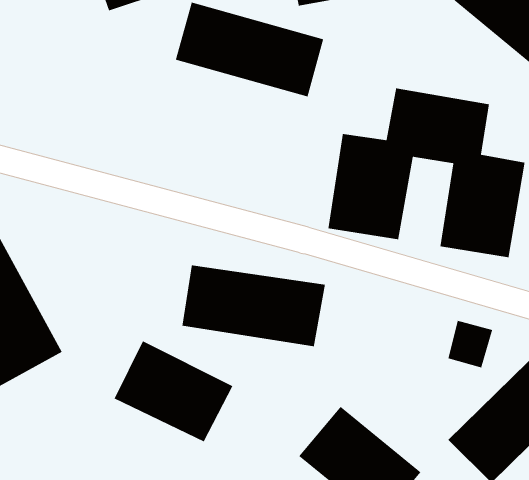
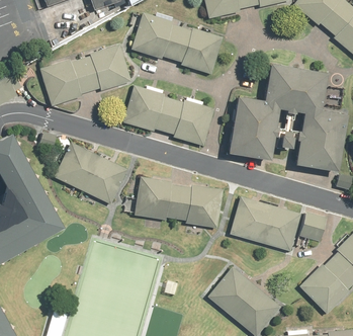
building: none -> [41,44,131,104]
building: none -> [122,85,216,146]
building: none -> [231,196,302,251]
building: [113,340,234,442] -> [55,140,129,203]

